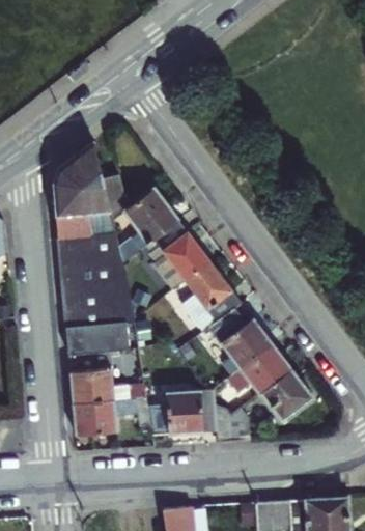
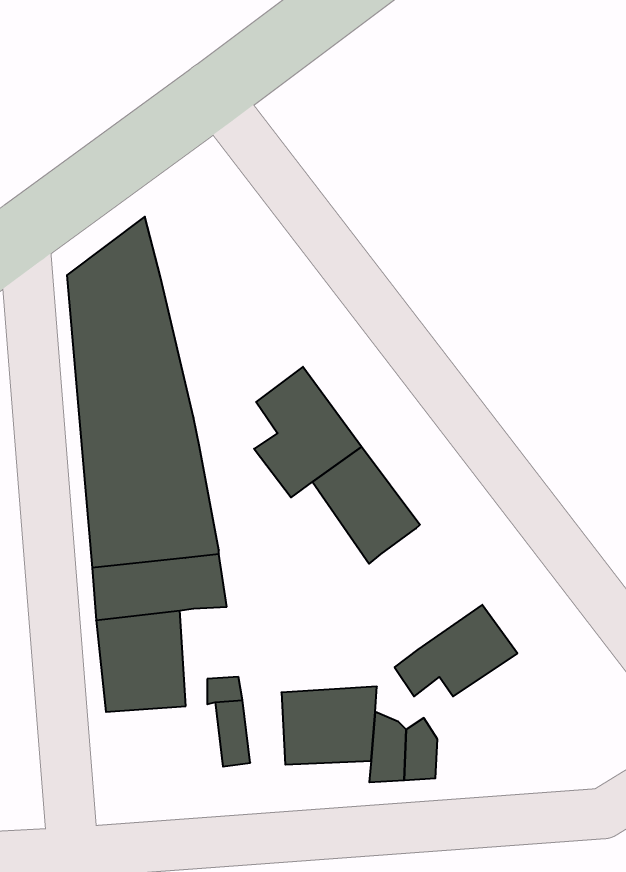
building: [102,170,177,263] -> none
building: [207,307,273,371] -> none
building: [257,373,311,424] -> none
building: [73,401,117,437] -> none

